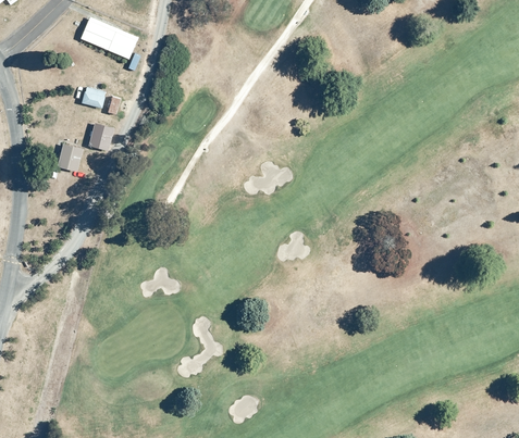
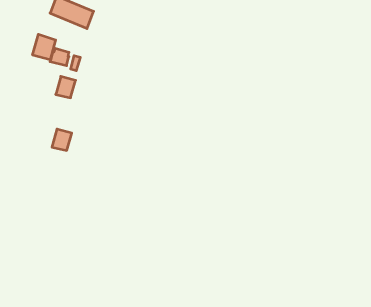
building: none -> [33,34,56,60]
building: [57,142,83,171] -> [52,129,72,150]

